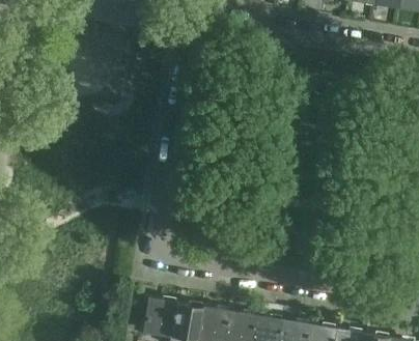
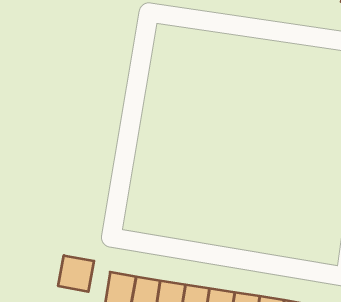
building: none -> [58,255,94,292]

